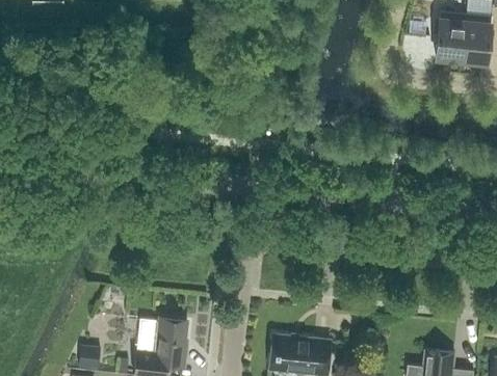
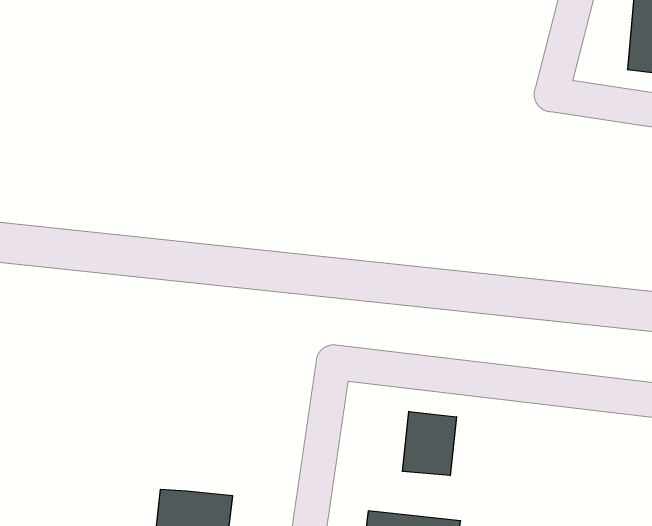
building: none -> [403,411,456,476]

